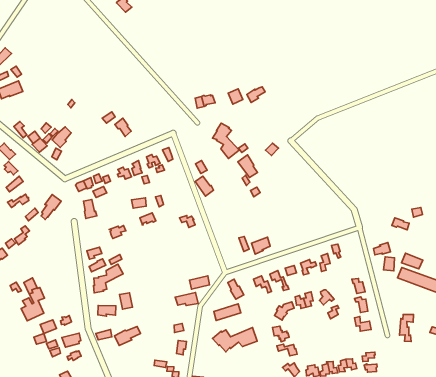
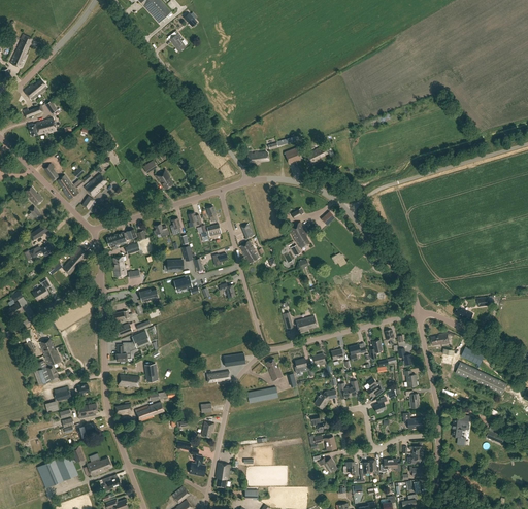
building: [213,123,239,159] -> none
building: [212,328,257,352] -> none

